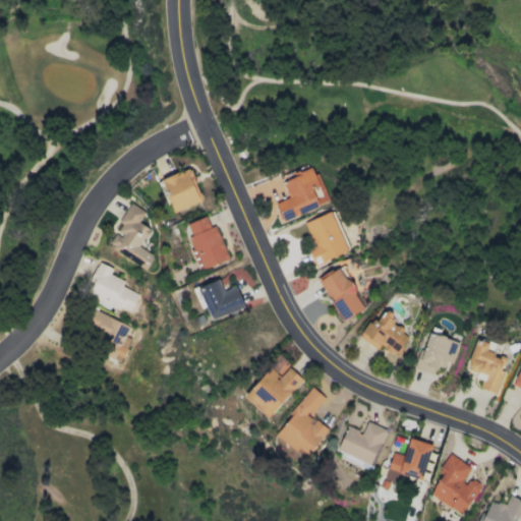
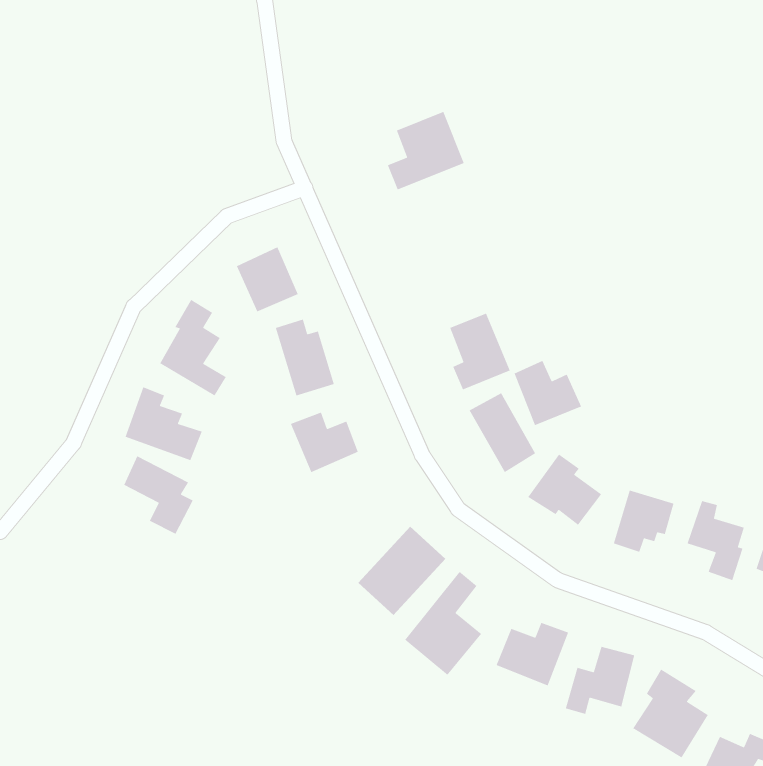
building: [278,167,331,221] -> [387,111,465,190]
building: none -> [514,360,582,426]

